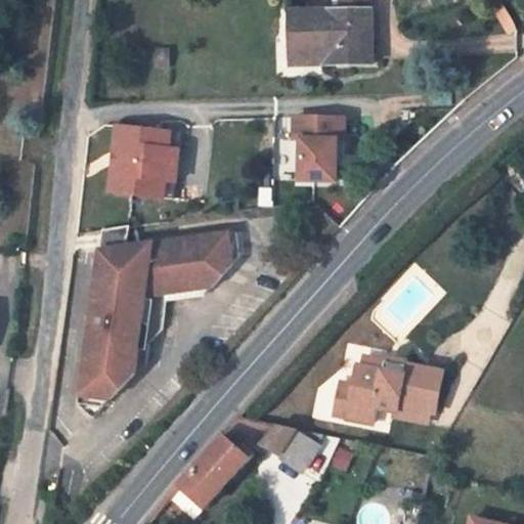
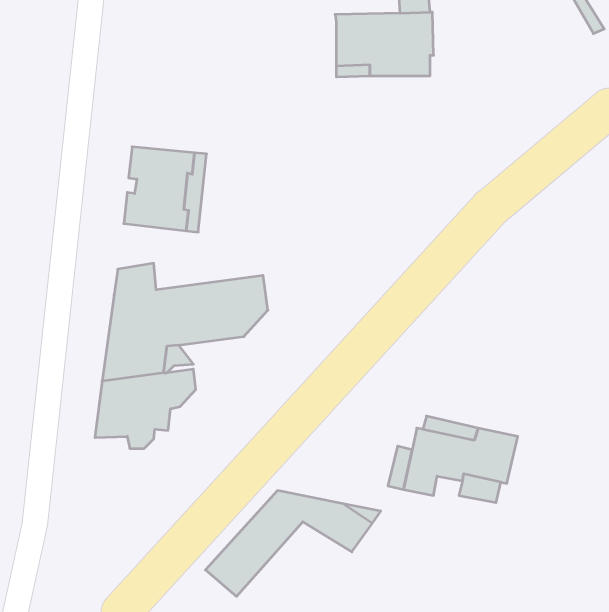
building: [290,118,342,180] -> none
building: [78,372,123,399] -> none

